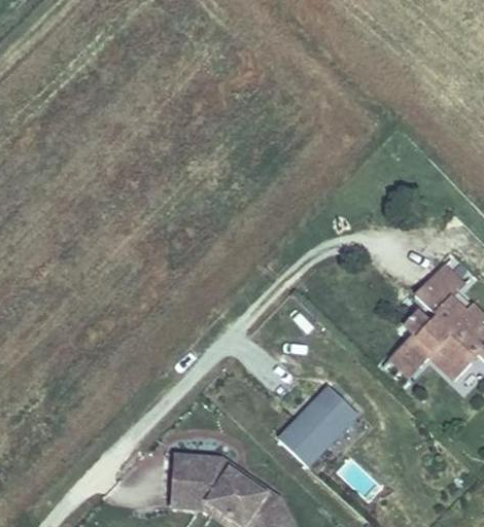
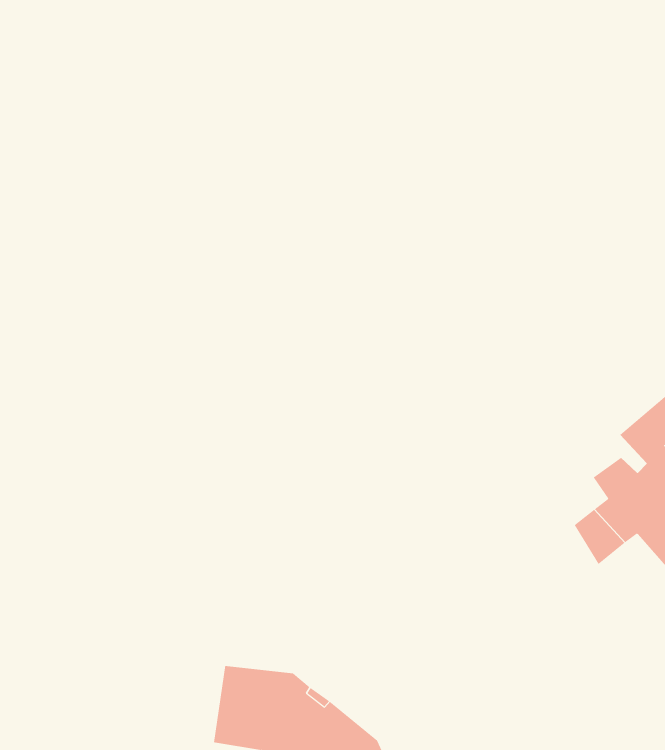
building: [276,386,355,467] -> none

